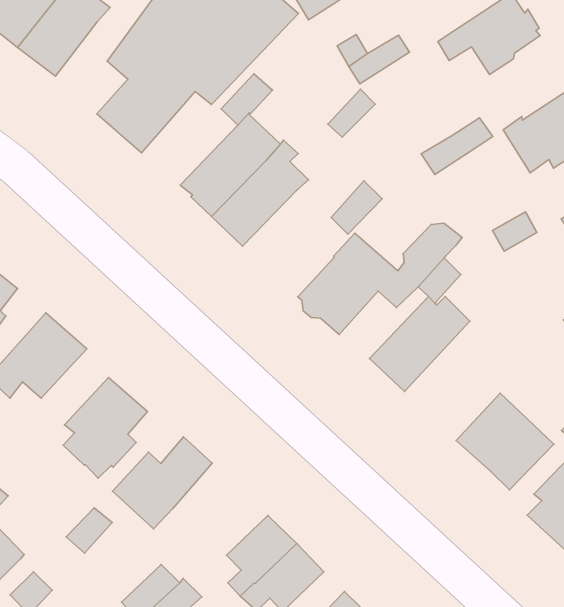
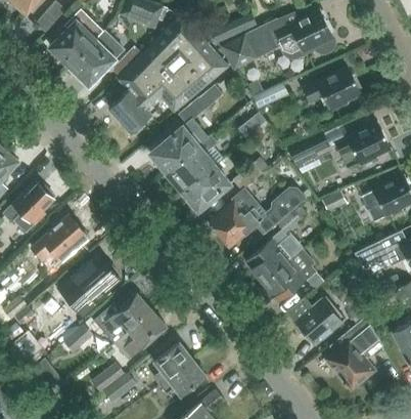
building: none -> [181,163,231,210]
building: none -> [262,247,316,302]
building: none -> [122,309,166,358]

